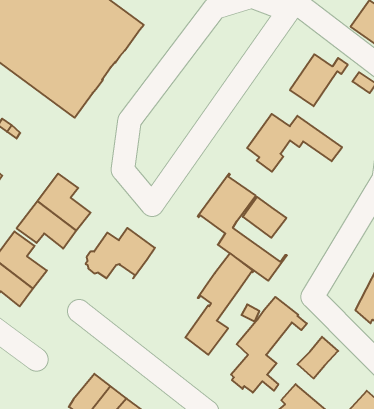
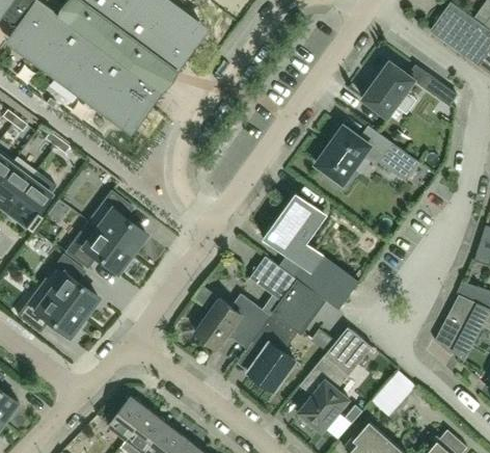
building: [243,197,286,238] -> [250,257,298,301]
building: [86,228,155,278] -> [195,294,271,349]
building: none -> [109,397,149,439]

